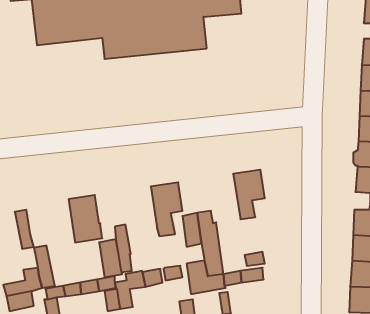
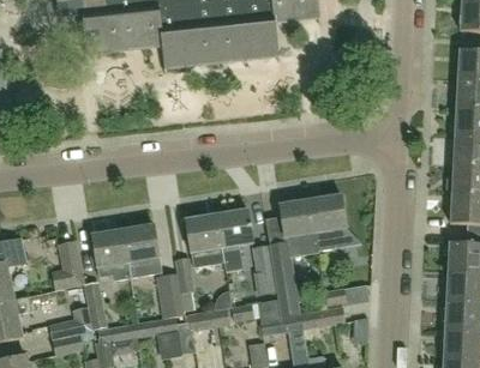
building: none -> [281,200,319,257]
building: none -> [186,215,224,266]
building: none -> [92,229,131,279]

